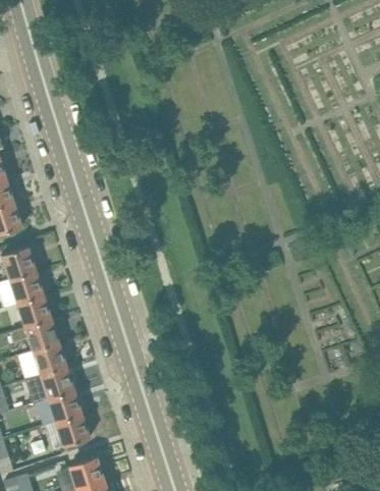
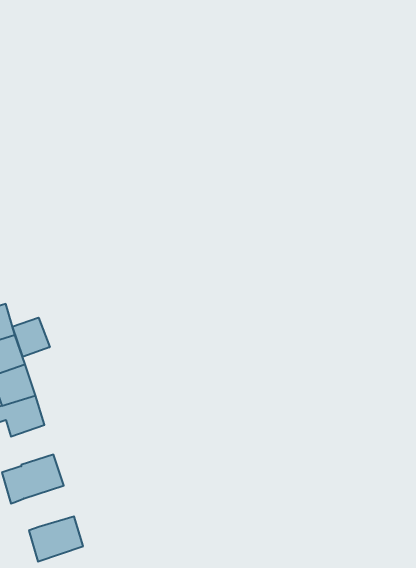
building: none -> [12,318,50,357]
building: [32,342,65,374] -> none
building: [35,390,82,423] -> none

